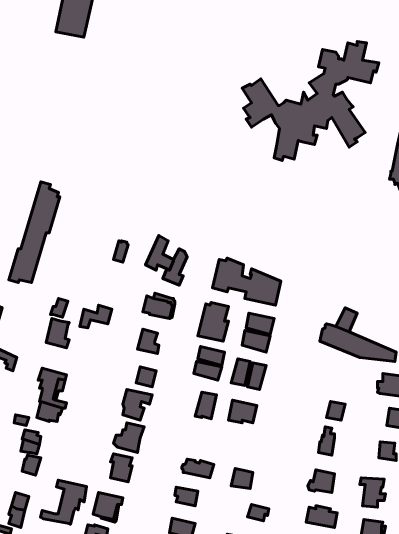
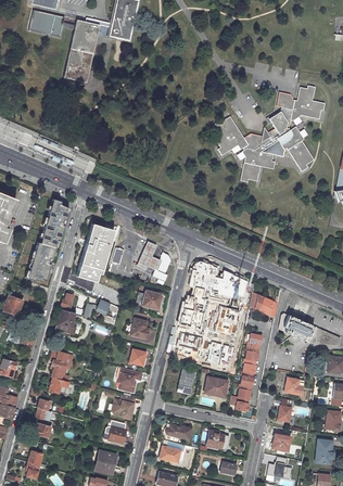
building: none -> [75,221,114,280]
building: none -> [250,292,278,318]
building: none -> [229,333,262,412]
building: [41,480,87,524] -> none

